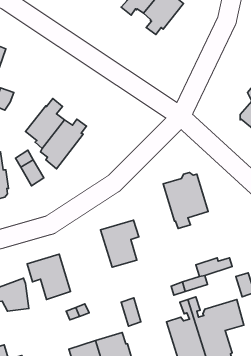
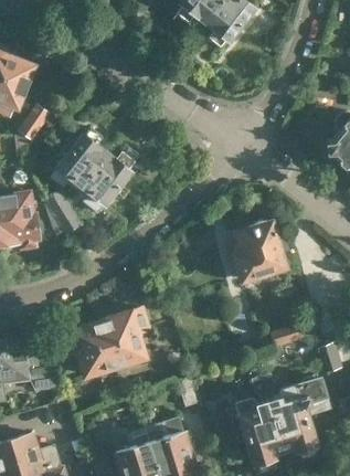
building: [100,220,139,267] -> [100,307,148,366]

